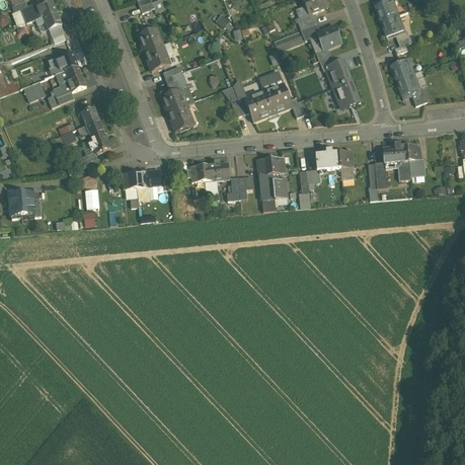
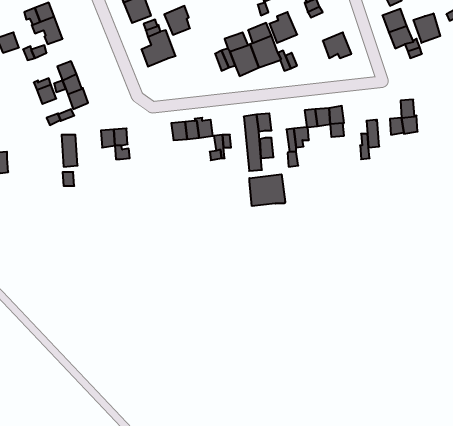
building: [325,58,352,87] -> [269,12,297,43]
building: none -> [413,13,440,43]
building: [166,103,190,131] -> [164,6,190,35]
building: [381,141,407,163] -> none
building: none -> [249,174,285,206]

